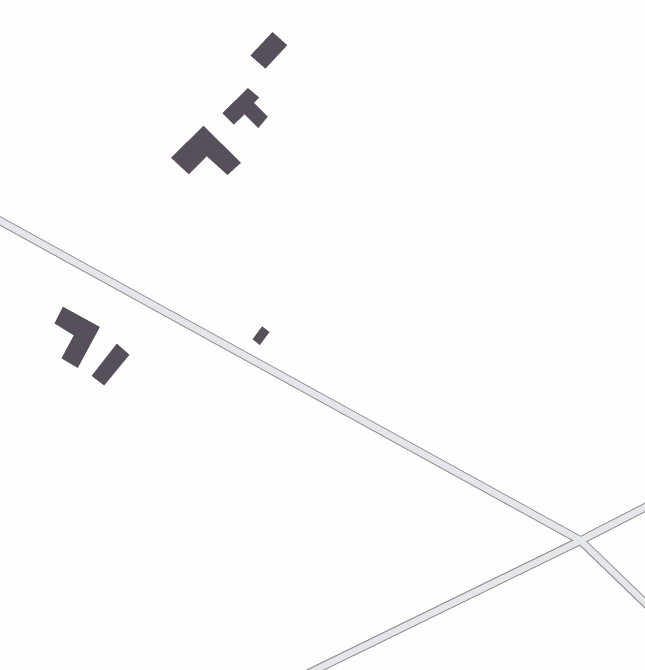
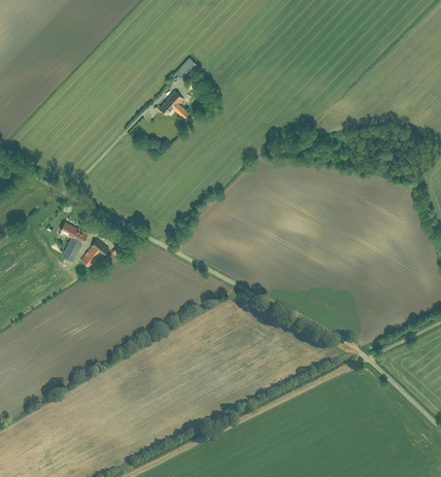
building: [170,125,242,176] -> none

